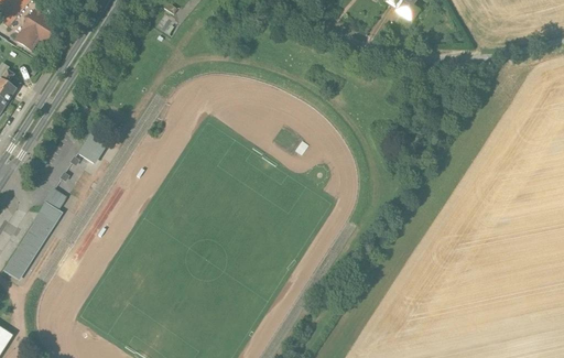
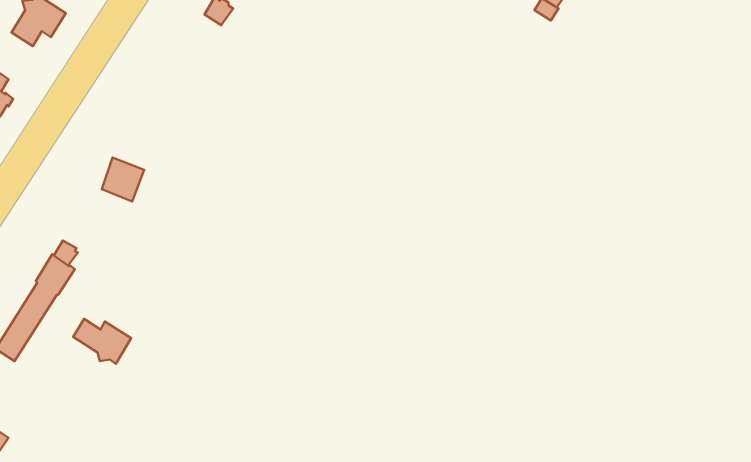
building: none -> [73,319,131,364]

